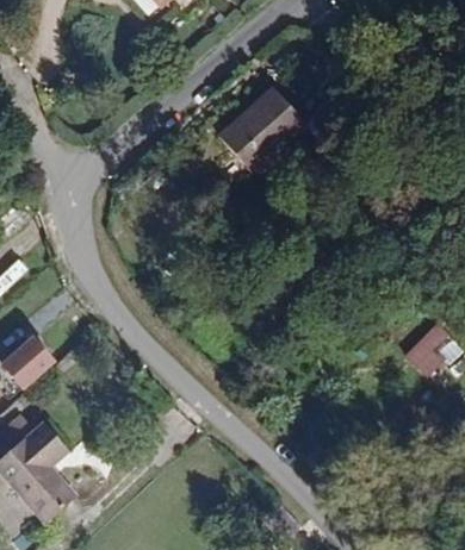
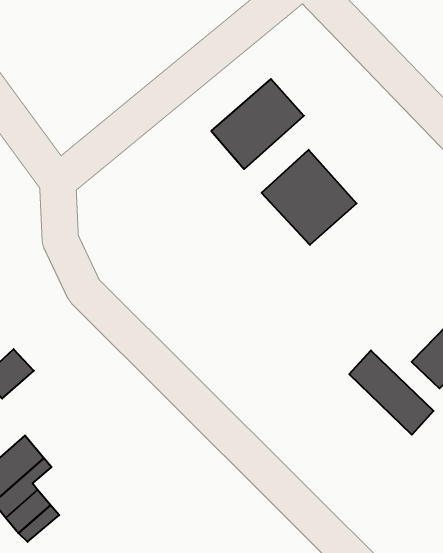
building: none -> [262,150,357,245]
building: none -> [349,350,434,435]

